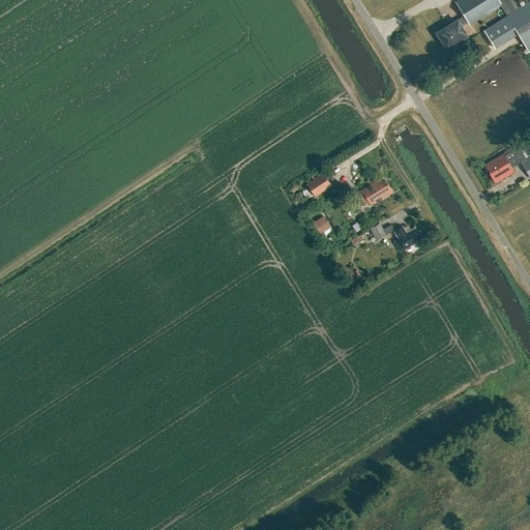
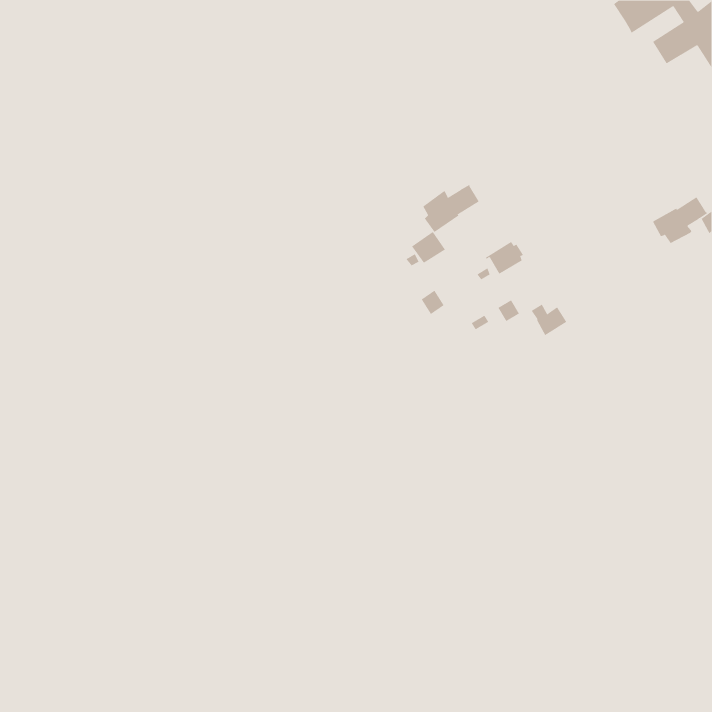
building: [437,16,468,49] -> none
building: none -> [422,184,480,233]

